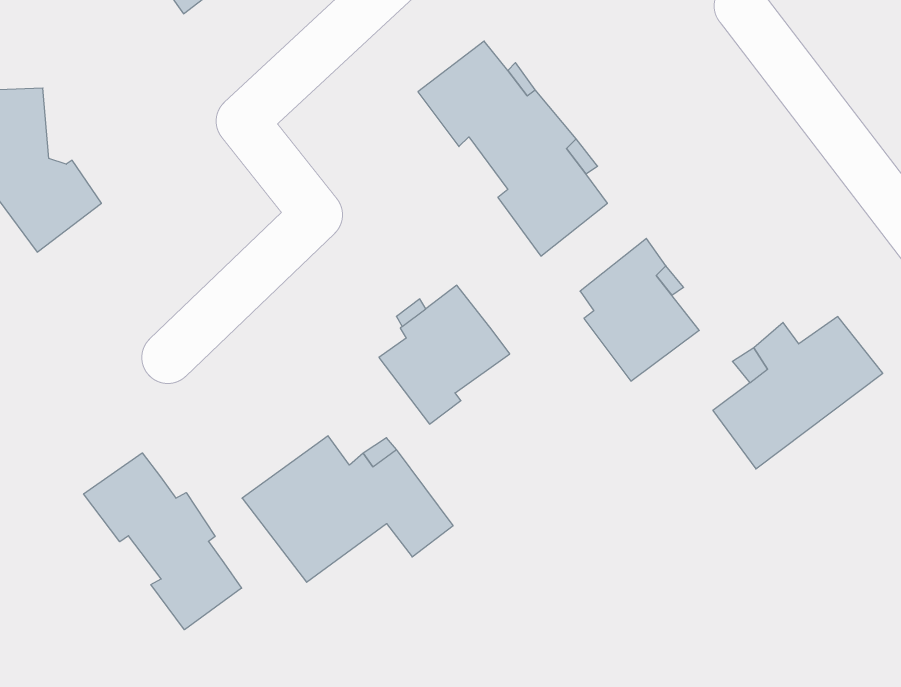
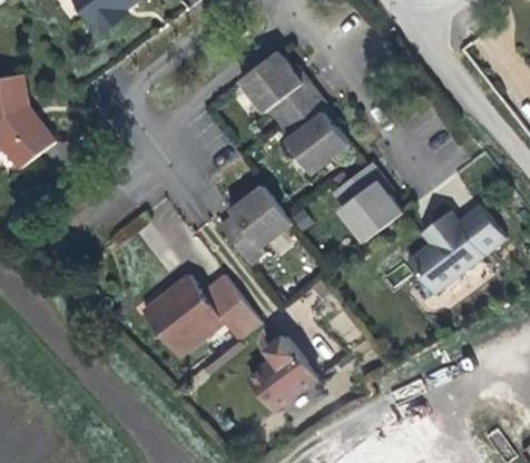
building: [84,453,242,630] -> none
building: none -> [247,336,317,412]

